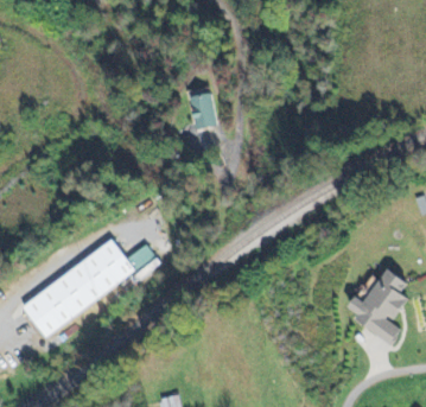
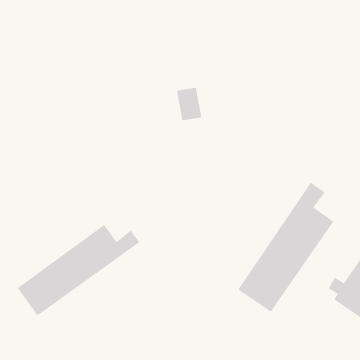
building: none -> [238,182,334,313]

